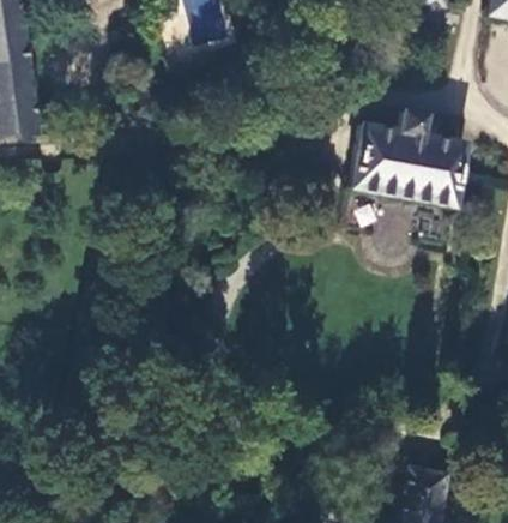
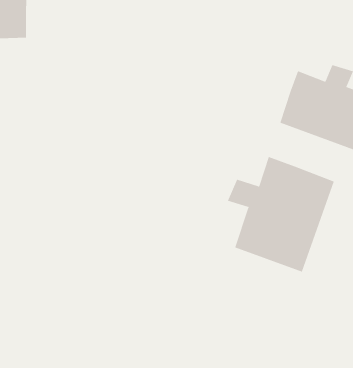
building: none -> [227,156,334,272]

